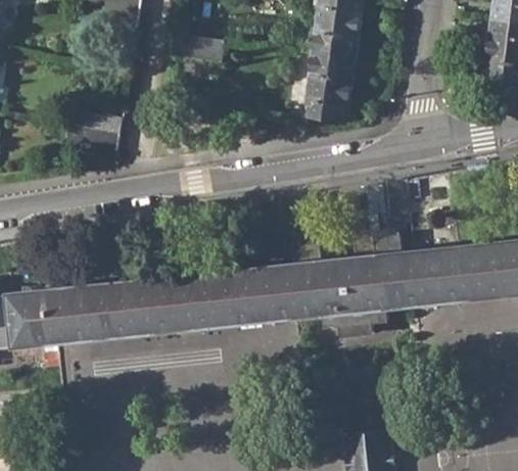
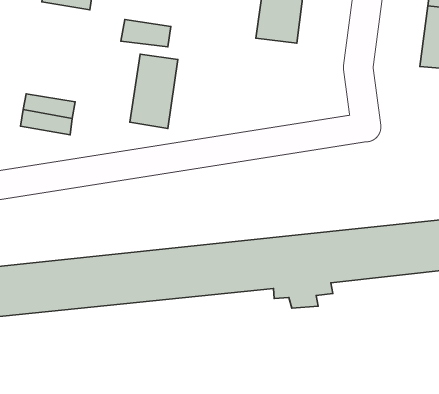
building: [302,52,355,120] -> none
building: none -> [130,54,178,129]

